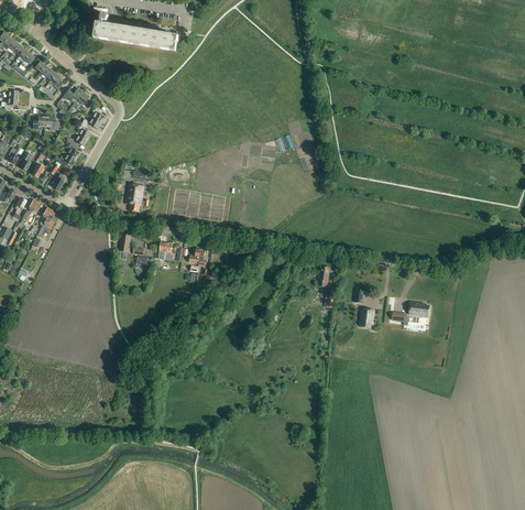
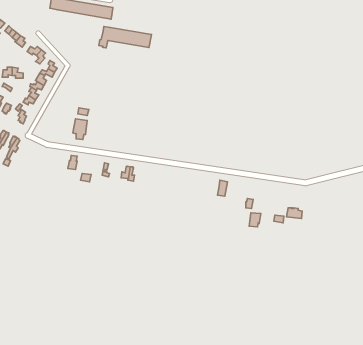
building: none -> [99,27,151,48]

